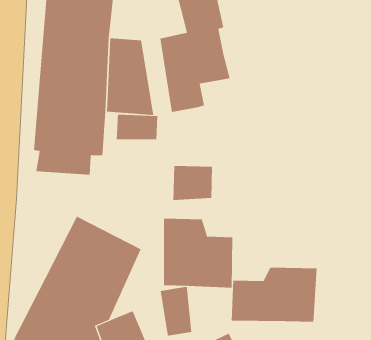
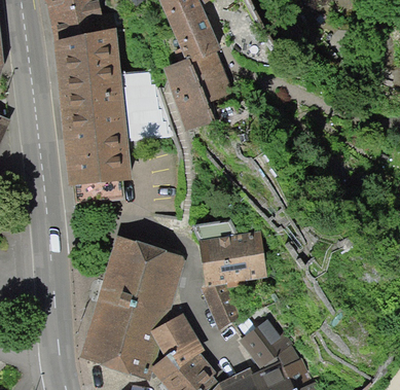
building: [116,114,158,140] -> none
building: [173,165,213,201] -> none
building: [231,267,317,323] -> none

